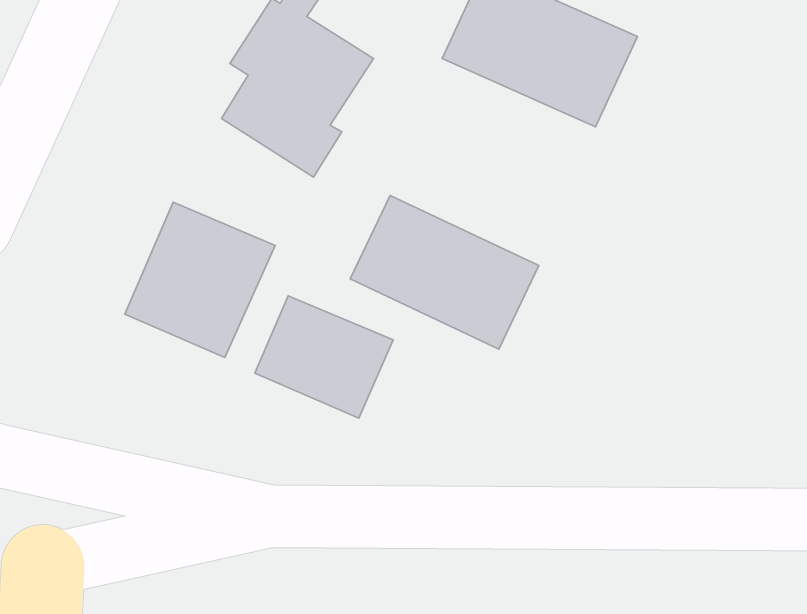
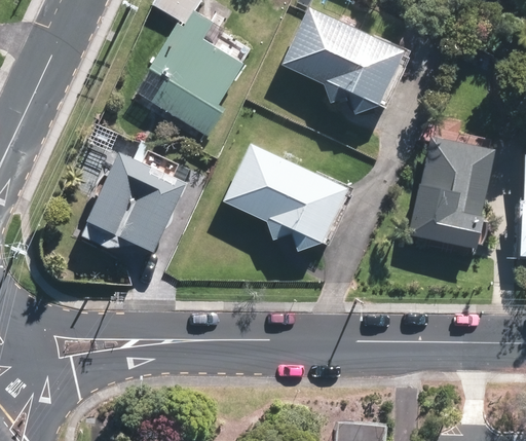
building: none -> [413,142,492,246]
building: [255,296,393,418] -> none

